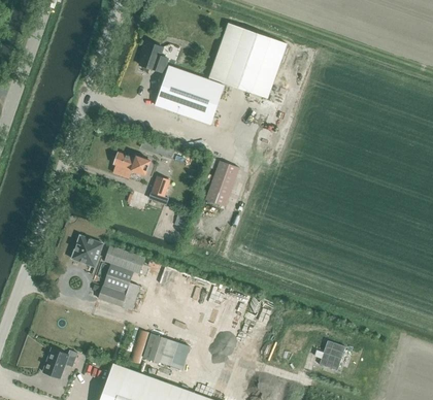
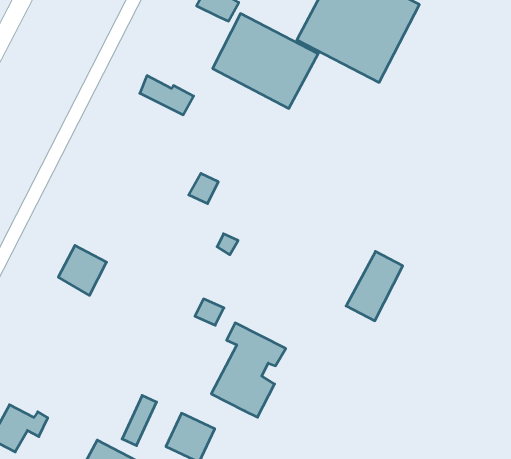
building: [113,152,149,174] -> [140,76,194,115]
building: [204,160,238,206] -> [346,251,403,321]
building: [98,248,143,309] -> [211,323,286,417]
building: [142,332,166,362] -> none

